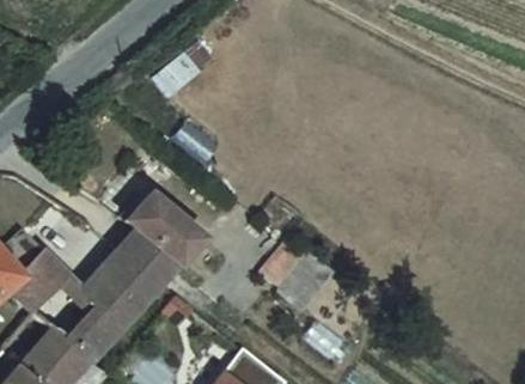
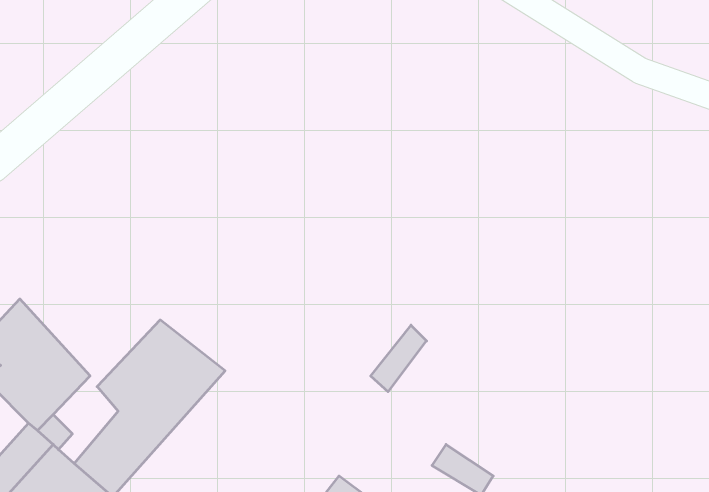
building: [124,193,203,267] -> none

